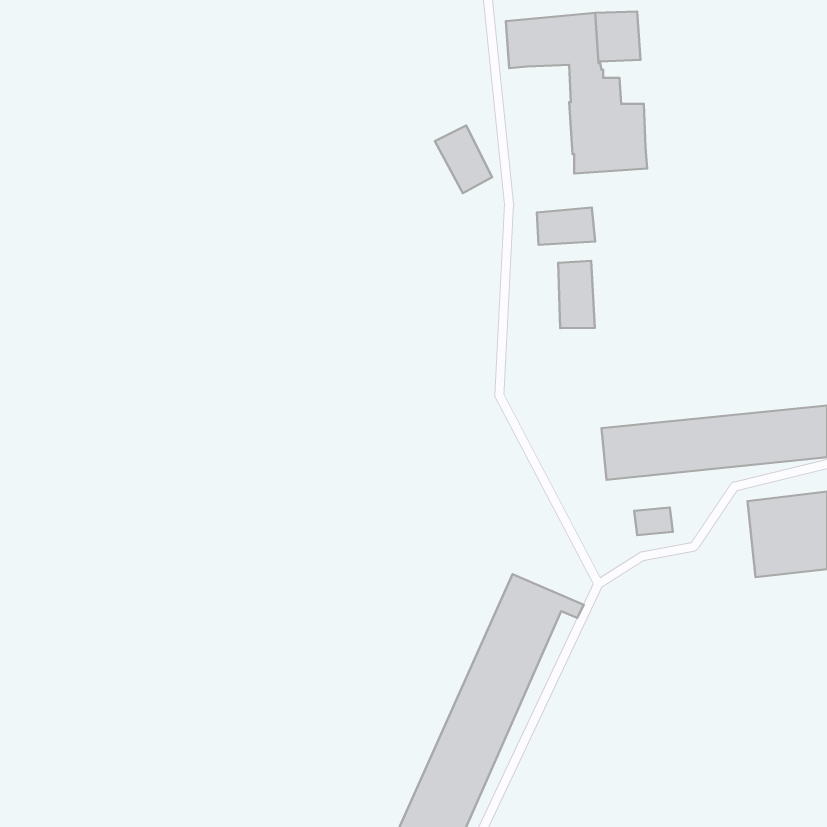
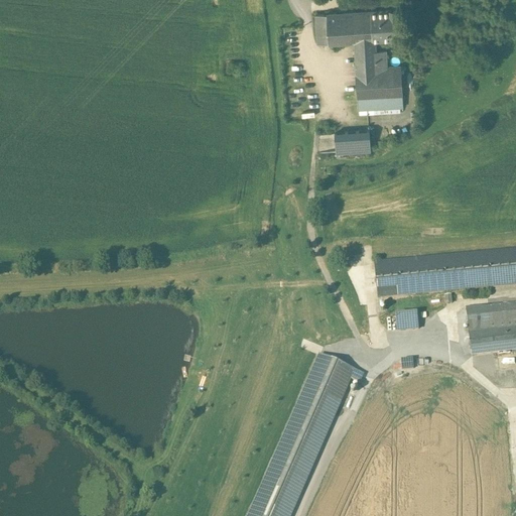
building: [435,126,492,193] -> none
building: [558,261,595,328] -> none

